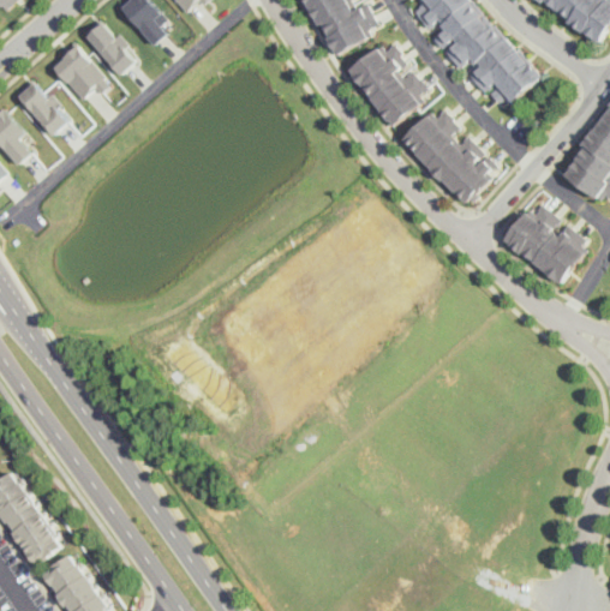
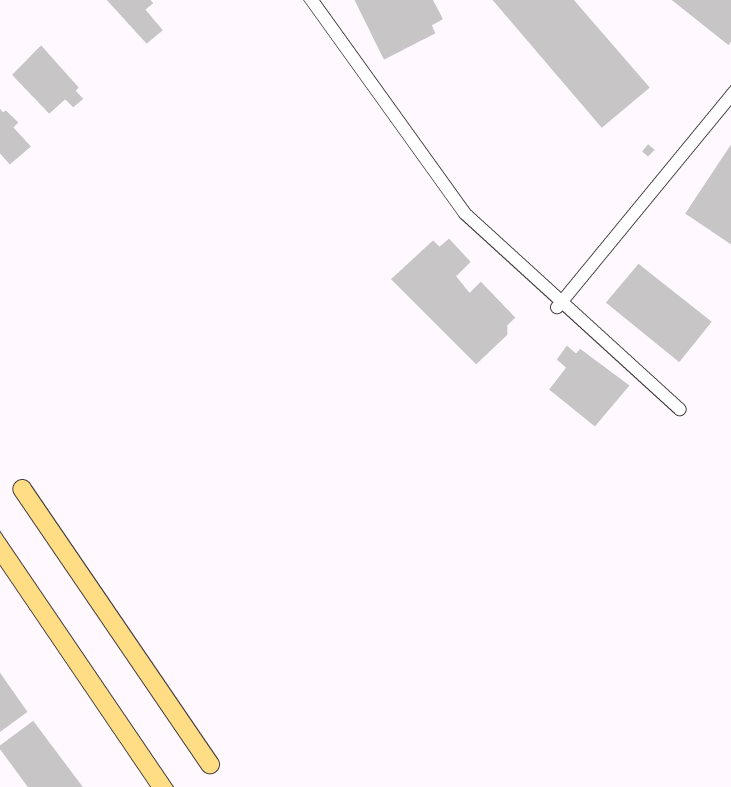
building: [83,20,136,76] -> none
building: [348,37,431,121] -> none
building: [402,108,497,204] -> [390,238,516,365]
building: none -> [548,344,630,427]

